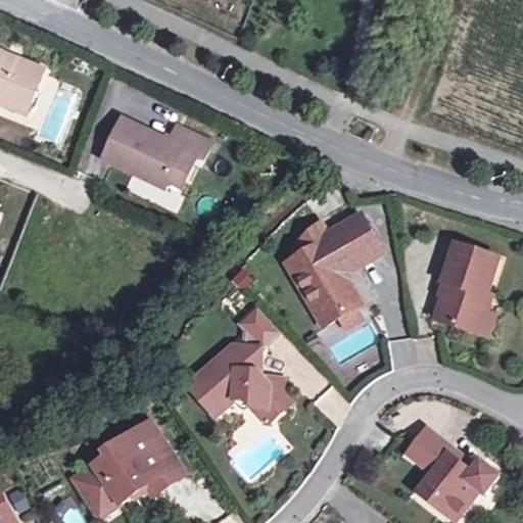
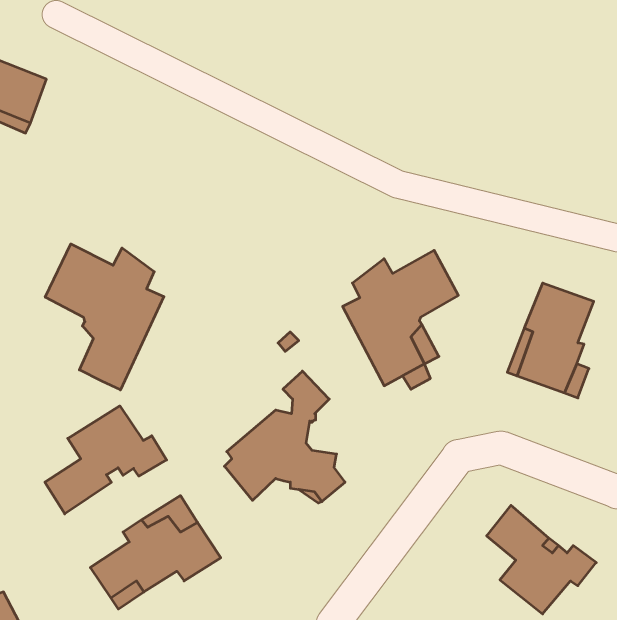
building: [100,115,207,184] -> none
building: none -> [45,244,164,390]
building: none -> [45,406,167,514]

